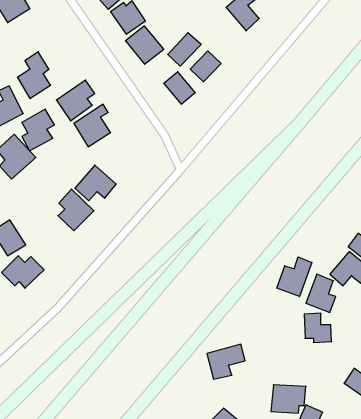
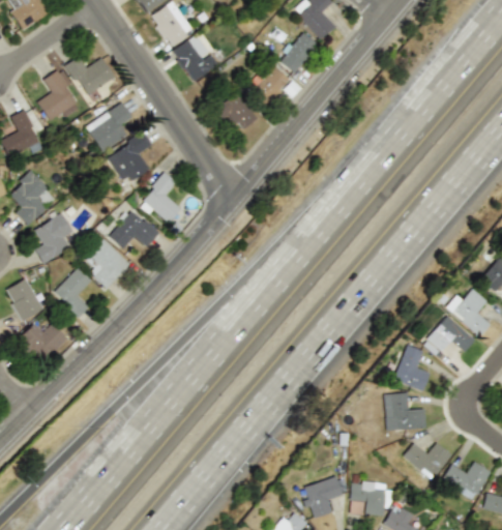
building: [168,33,201,66] -> [277,31,319,72]
building: none -> [63,53,114,98]
building: [22,109,54,151] -> [33,212,73,264]
building: none -> [138,173,182,226]
building: none -> [51,267,93,319]
building: [277,257,312,297] -> none
building: [207,344,245,379] -> [303,475,351,519]
building: none -> [403,439,452,481]

